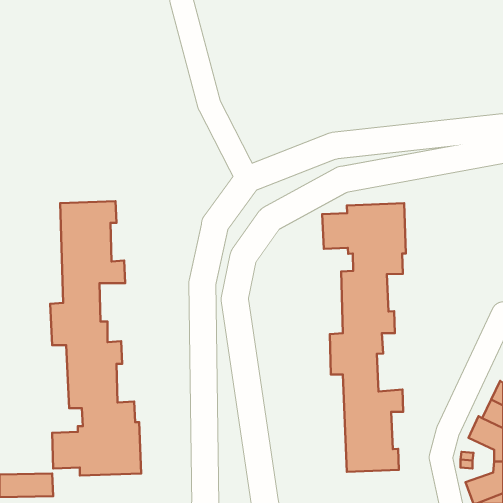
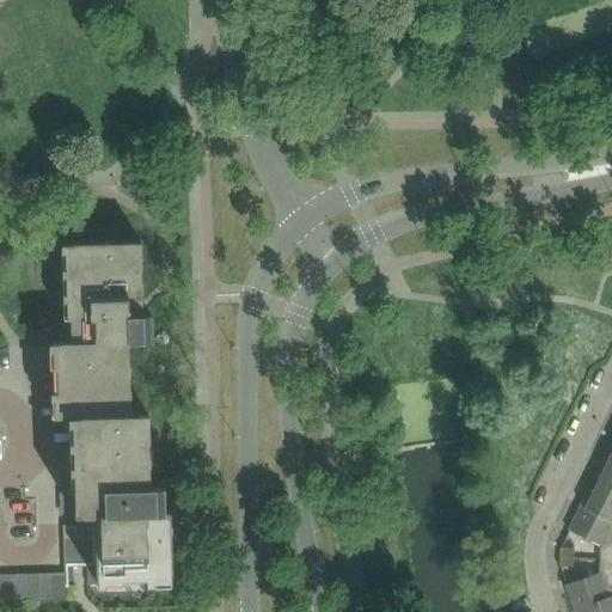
building: [322,203,406,472] -> none

